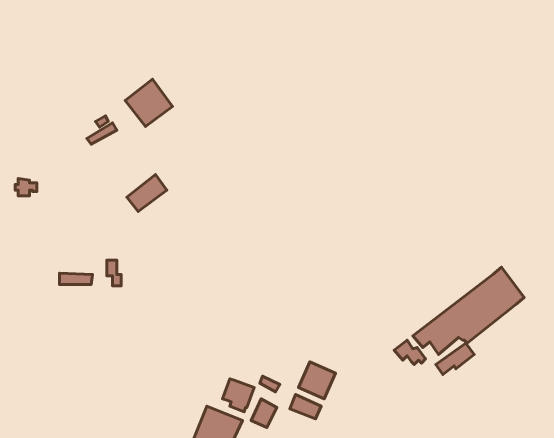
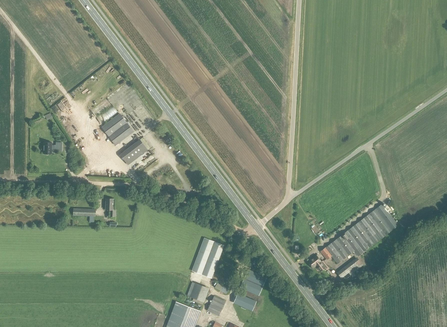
building: [125,79,173,126] -> [100,113,133,146]
building: none -> [191,238,224,279]

